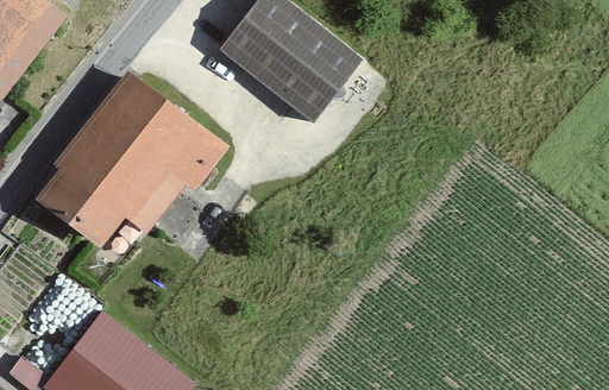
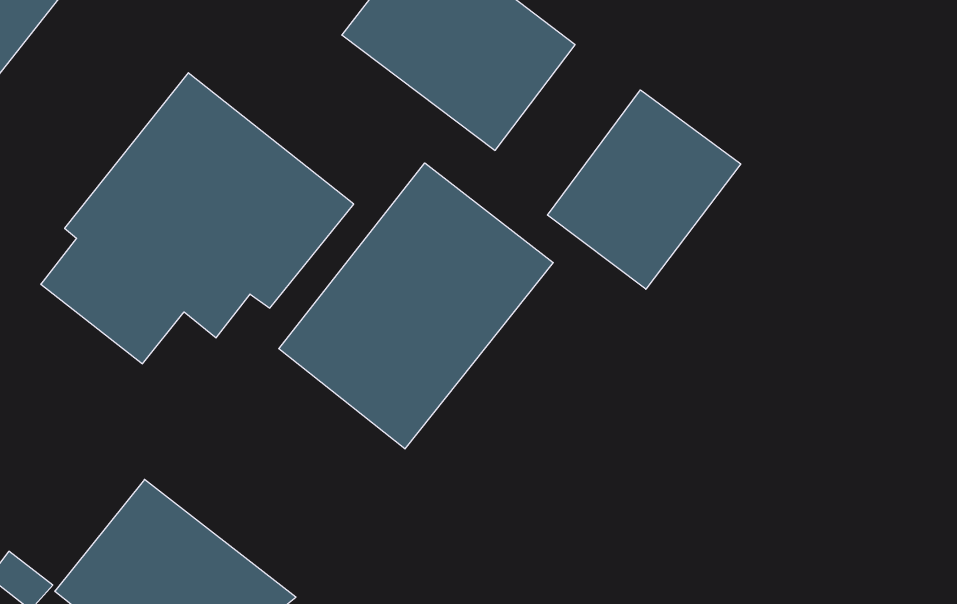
building: none -> [547,90,741,289]
building: none -> [279,163,553,449]

